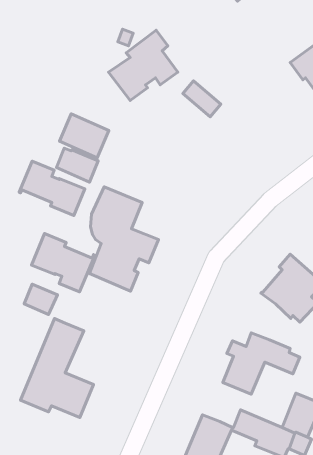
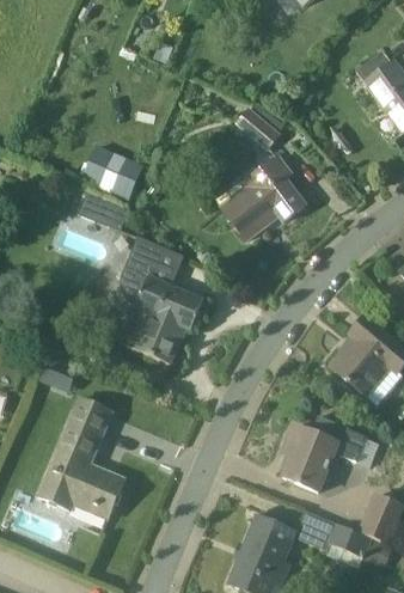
building: [109,30,178,100] -> [220,153,305,239]
building: [19,161,85,215] -> none
building: [31,234,95,292] -> none

